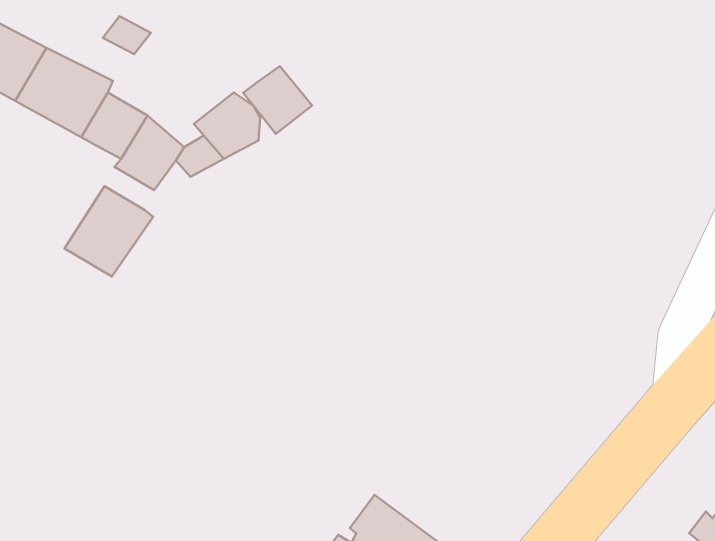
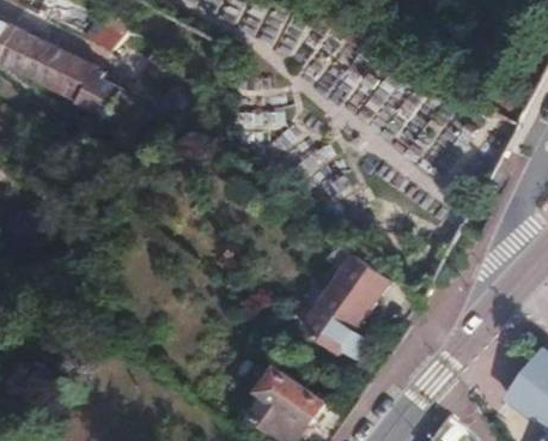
building: [243,66,312,134] -> none
building: [64,186,153,276] -> none
building: none -> [302,256,392,358]

